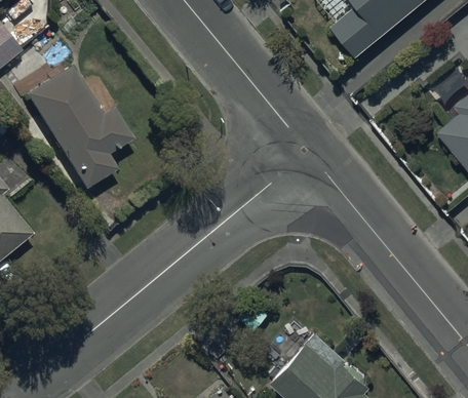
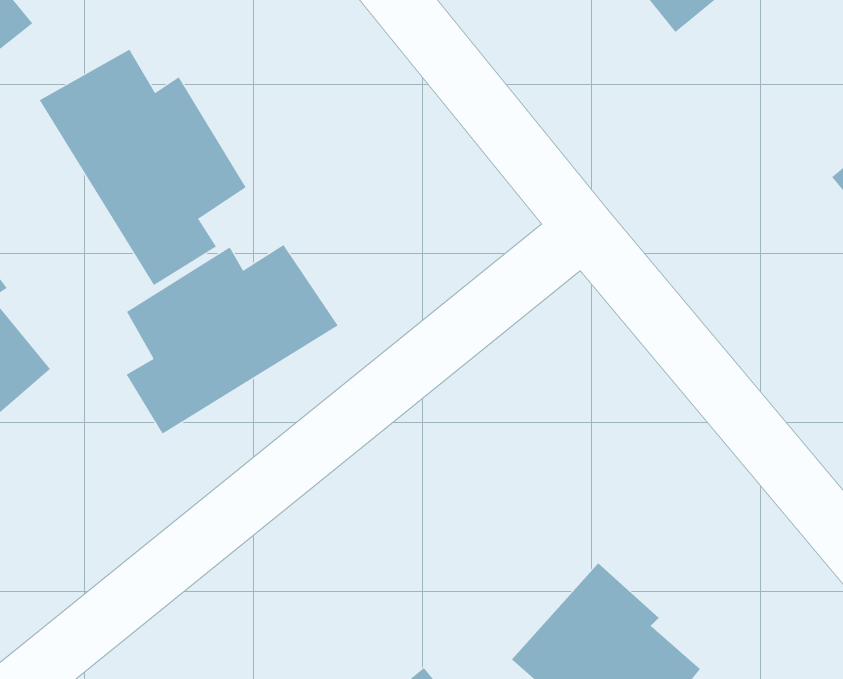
building: none -> [126,244,339,435]

